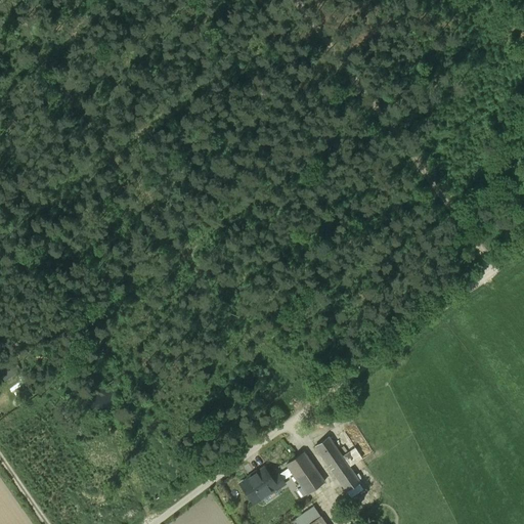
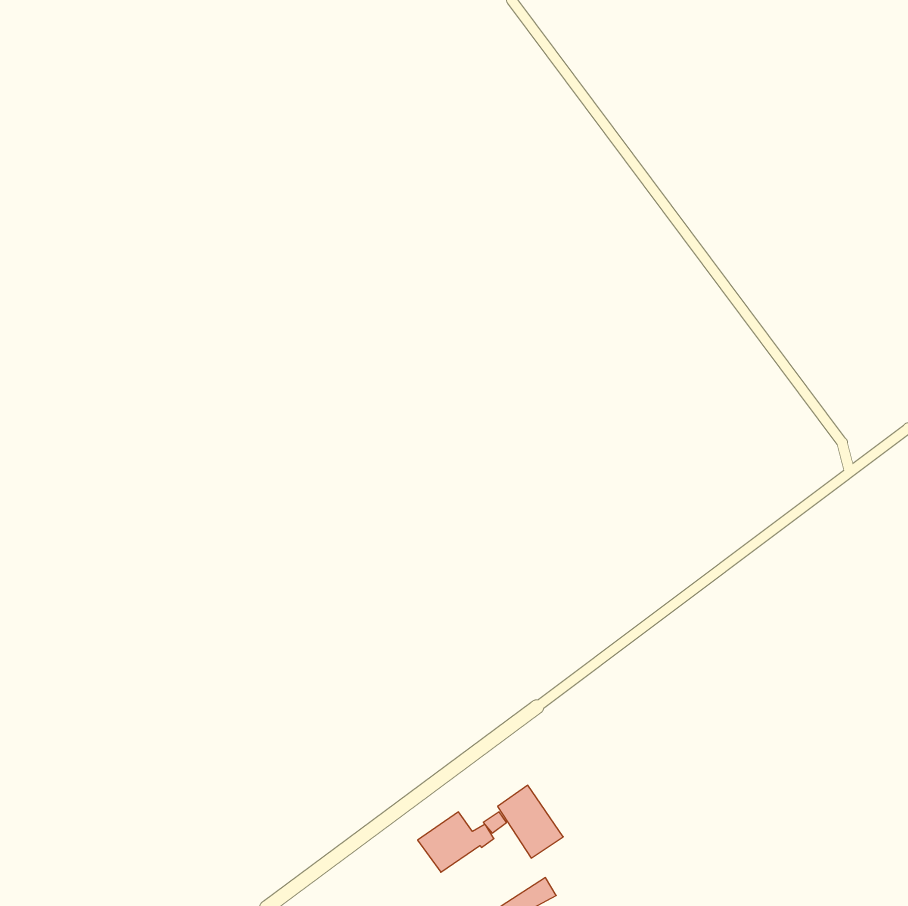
building: [315,438,360,492] -> none

